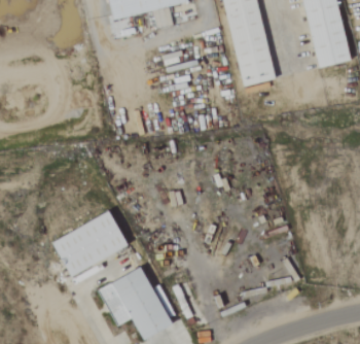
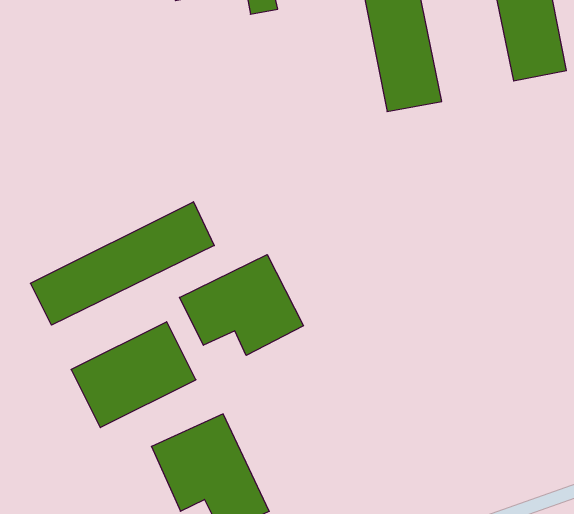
building: none -> [30,202,214,325]
building: none -> [179,255,303,355]

